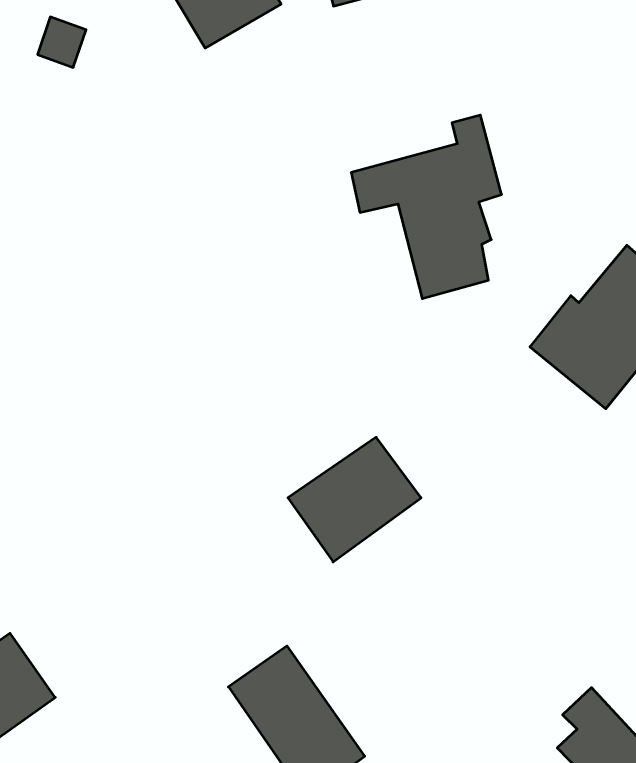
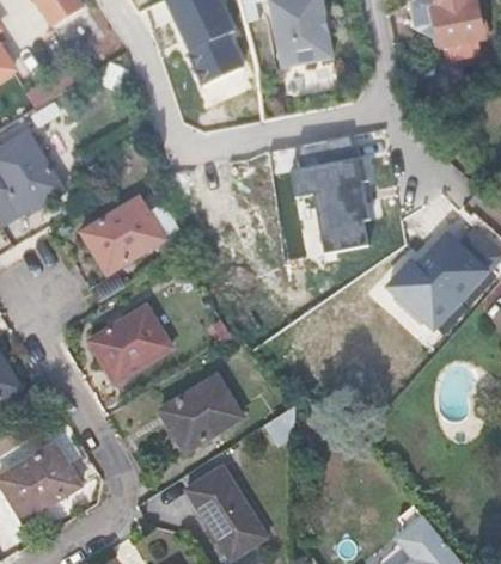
building: none -> [81,196,165,274]
building: none -> [88,304,172,379]
building: [288,437,421,562] -> [158,376,240,452]

